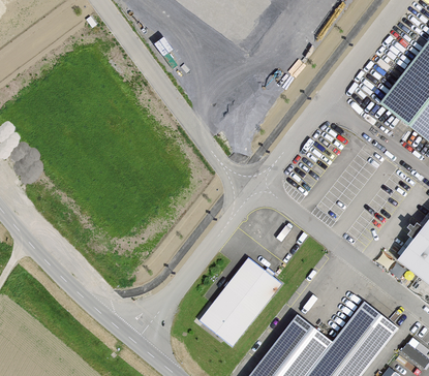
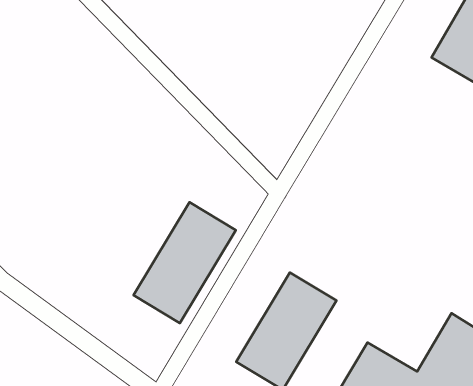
building: none -> [134,202,236,323]

